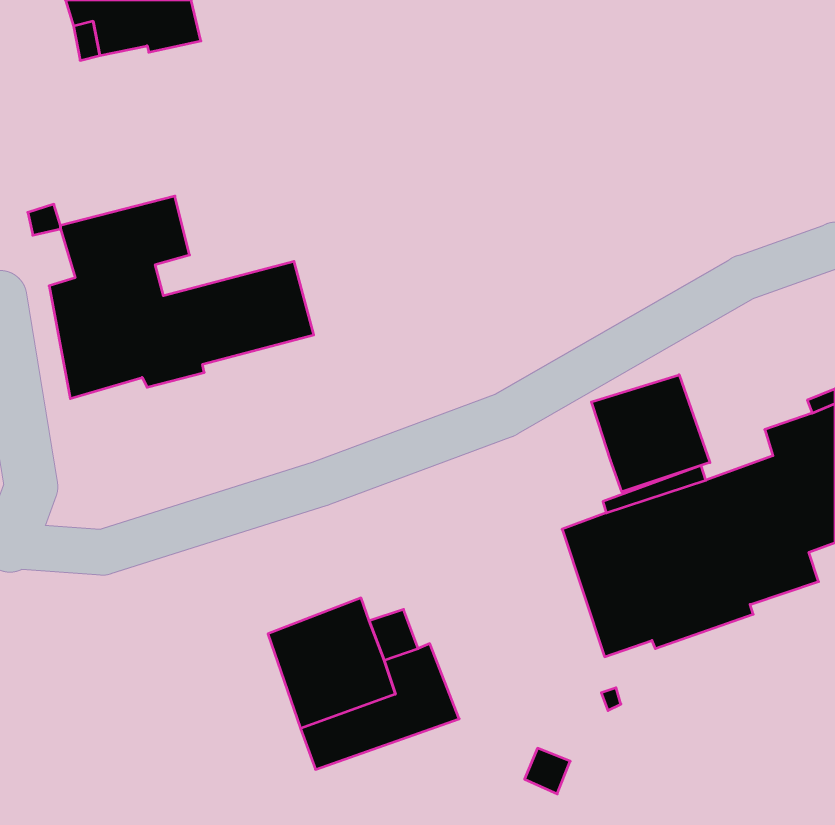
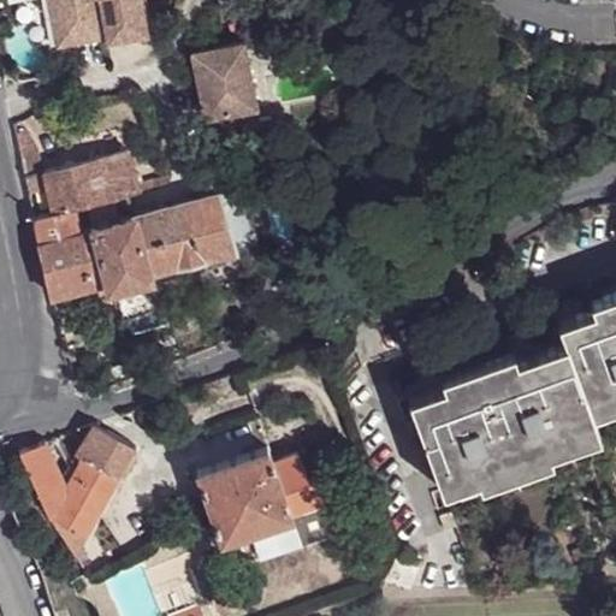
building: none -> [188,64,248,137]
building: [591,375,710,492] -> none
building: none -> [22,431,136,562]

